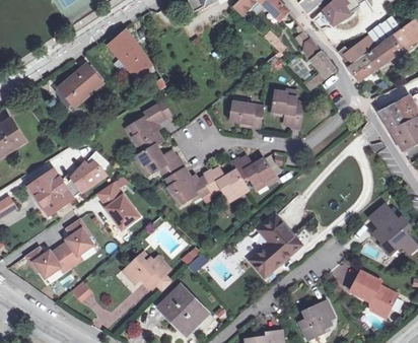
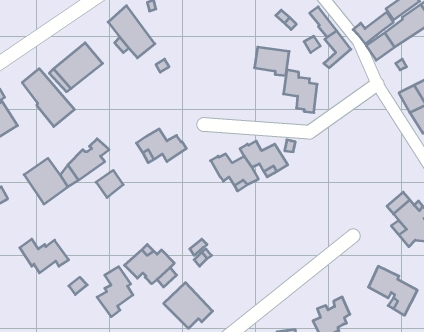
building: none -> [22,69,74,127]
building: [230,101,263,128] -> [254,47,289,75]
building: [131,106,165,151] -> none
building: [165,167,213,203] -> none
building: [108,196,138,229] -> none
building: [250,215,301,277] -> none
building: [59,219,92,266] -> [97,267,133,317]

